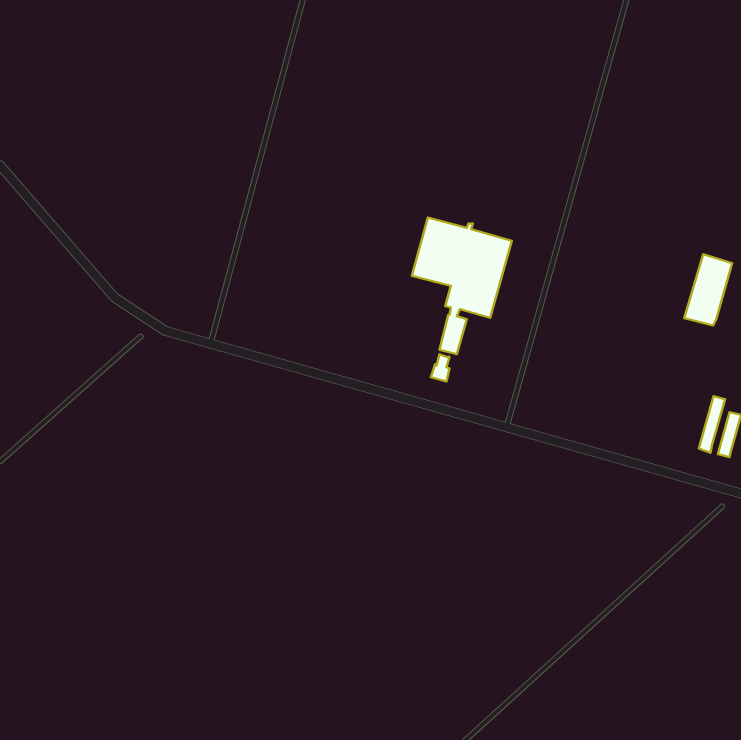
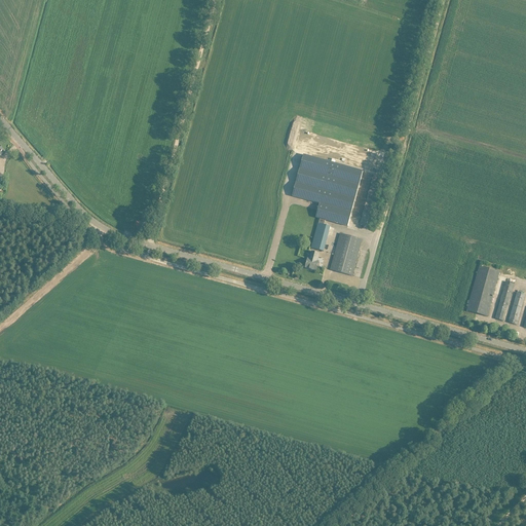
building: [684,254,732,325] -> [466,265,500,315]
building: none -> [330,232,362,275]

